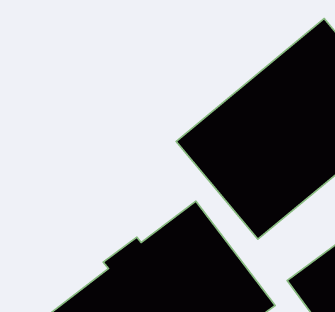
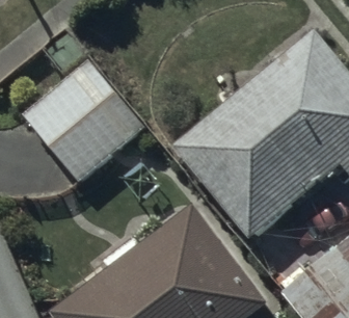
building: none -> [23,60,145,183]

